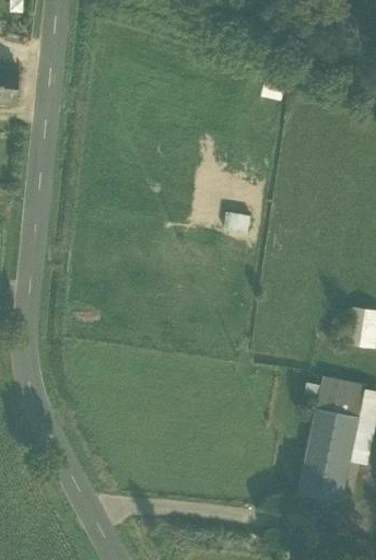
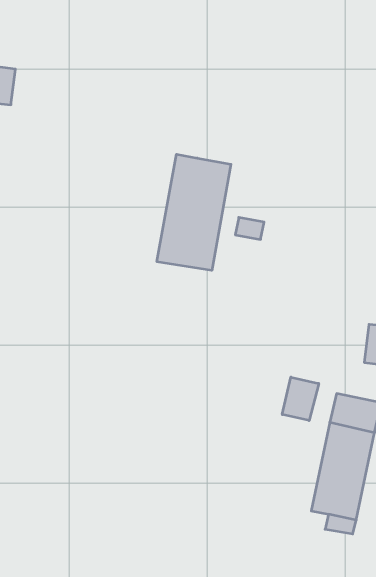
building: none -> [157,154,231,270]
building: none -> [282,377,319,421]

